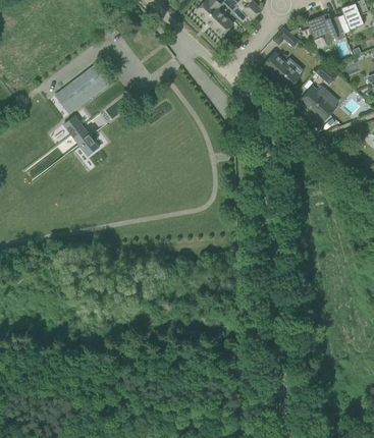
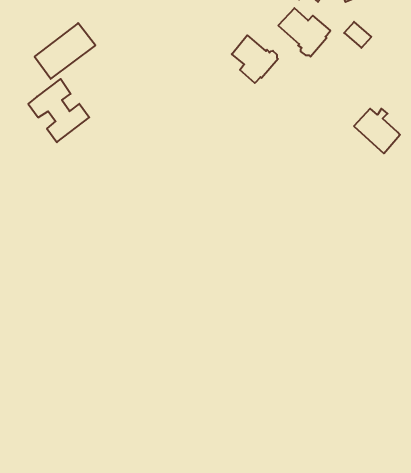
building: none -> [232,35,278,83]
building: [299,86,336,122] -> [354,109,400,153]

